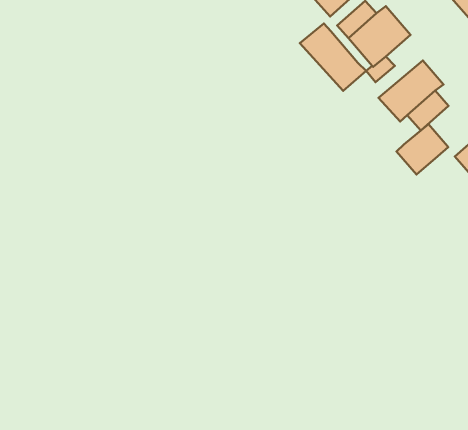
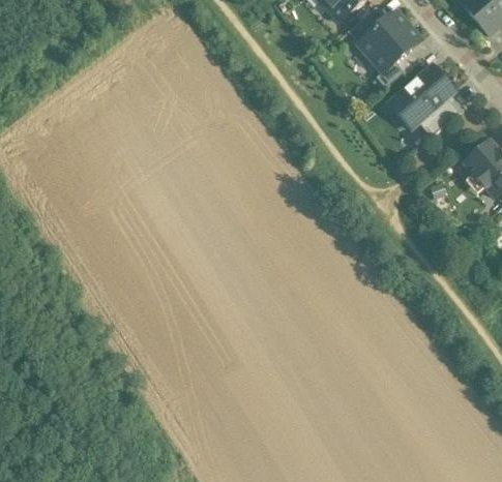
building: [300,23,366,91] -> none
building: [397,124,448,174] -> none

